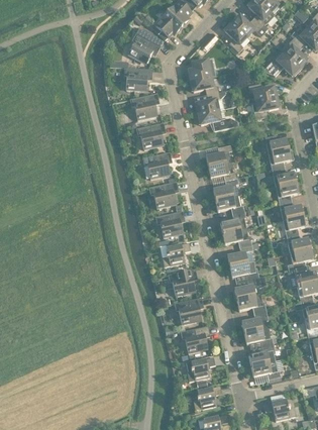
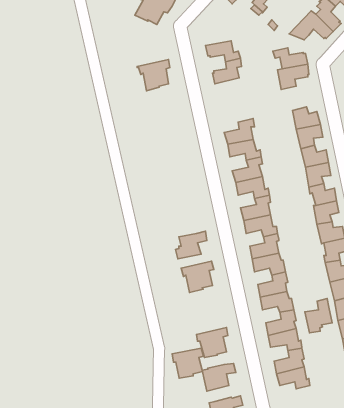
building: [188,58,215,80] -> none
building: [124,67,151,89] -> none
building: [197,108,238,130] -> none
building: [136,122,165,148] -> none
building: [142,151,171,178] -> none
building: [148,181,177,207] -> none
building: [154,210,183,236] -> none
building: [175,297,202,323] -> [172,348,204,378]
building: none -> [305,298,332,333]

